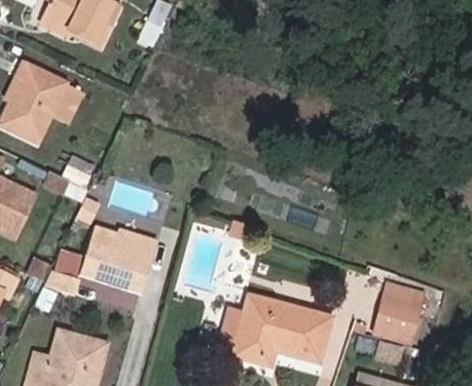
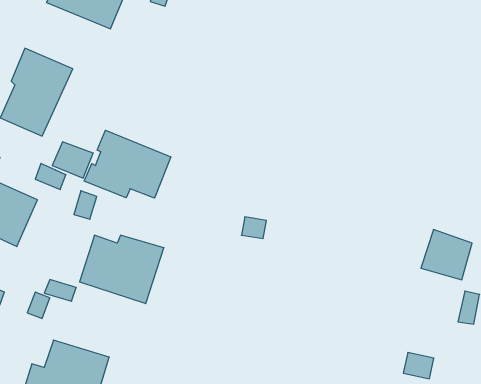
building: none -> [84,130,171,198]
building: [232,293,328,361] -> none
building: [371,294,417,339] -> [421,230,472,280]

